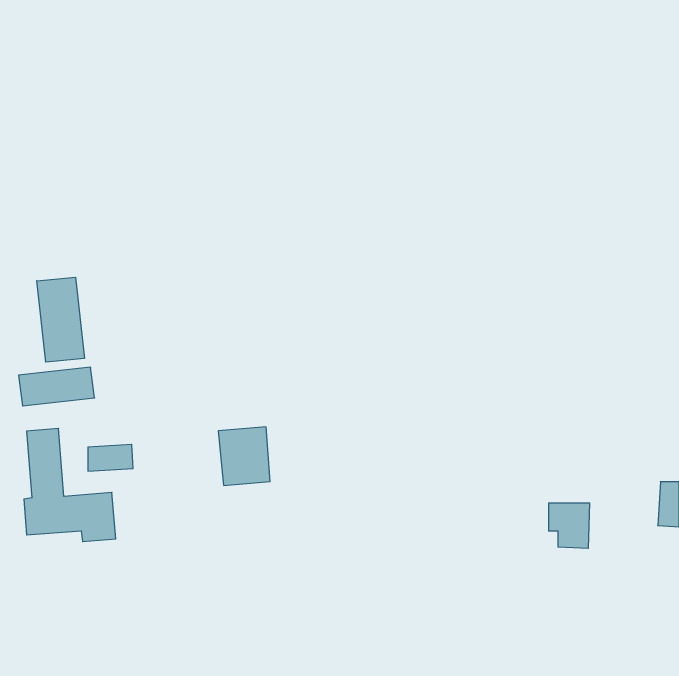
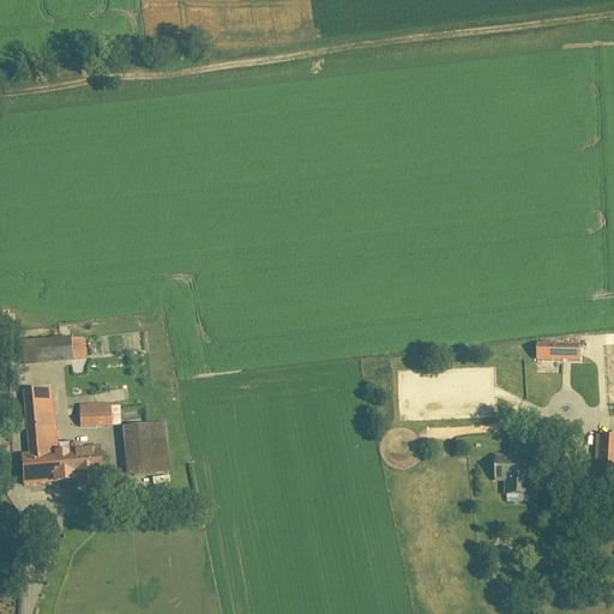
building: [37,277,84,362] -> none
building: none -> [535,341,579,360]
building: [218,427,270,485] -> [124,421,170,474]

